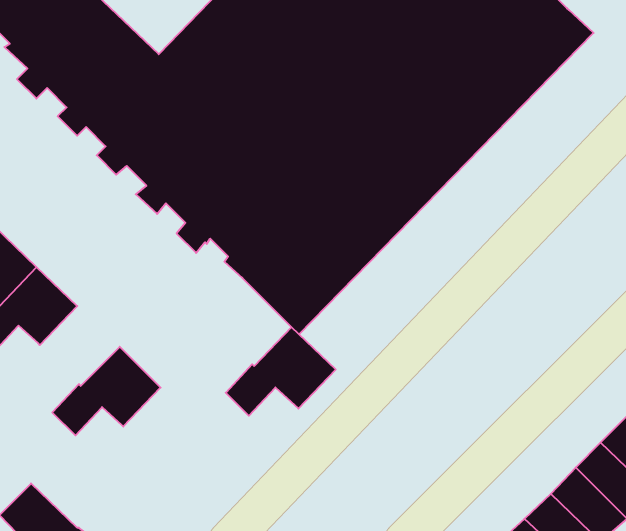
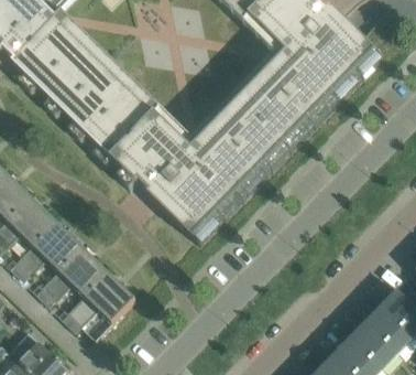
building: none -> [17,222,84,277]
building: [226,327,336,416] -> [68,272,136,328]

